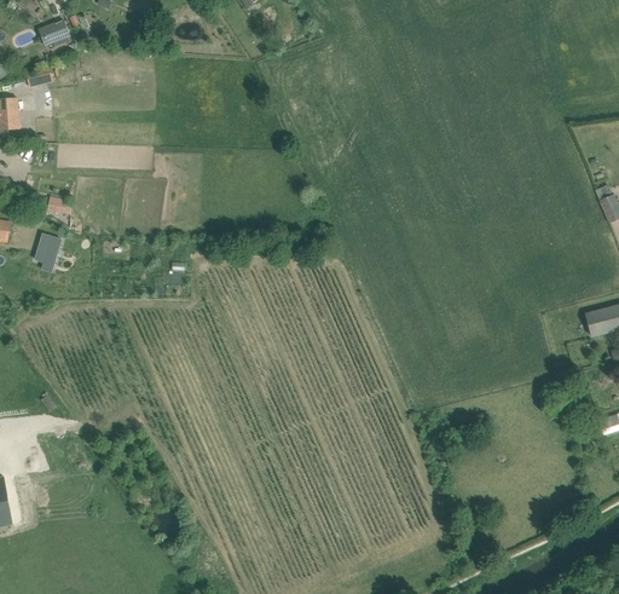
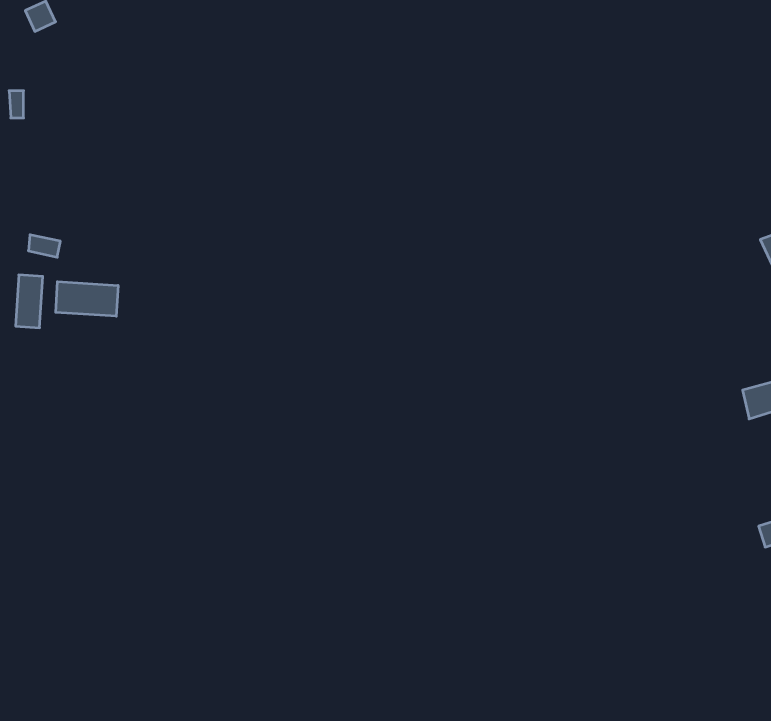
building: none -> [56,282,118,316]

